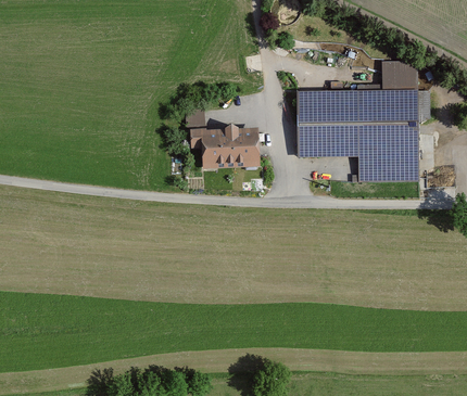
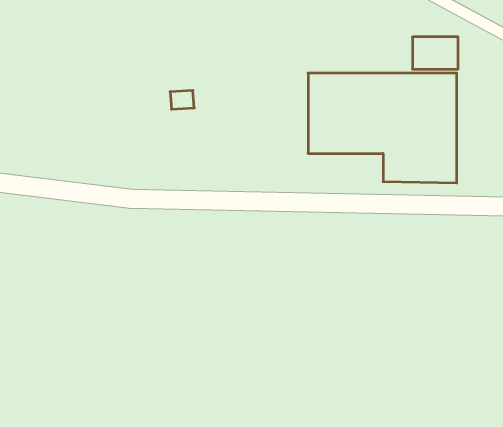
building: [191,126,261,168] -> none

